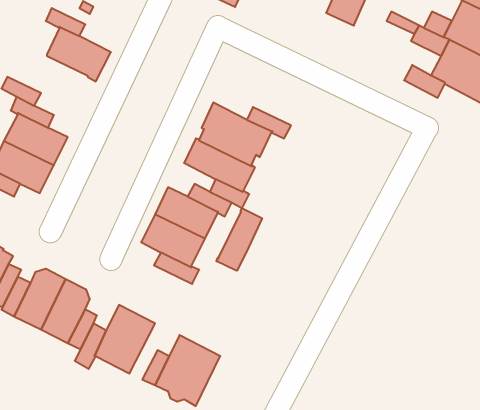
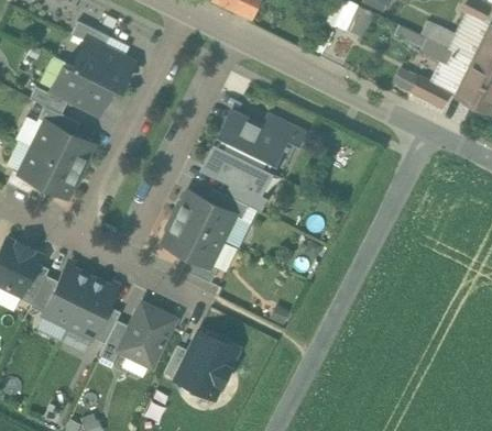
building: none -> [52,62,112,113]
building: [216,208,262,271] -> none

